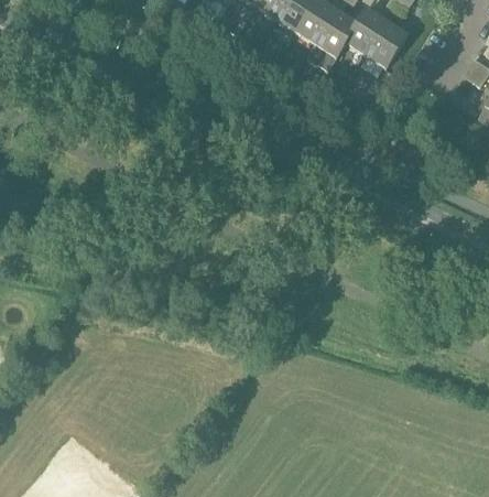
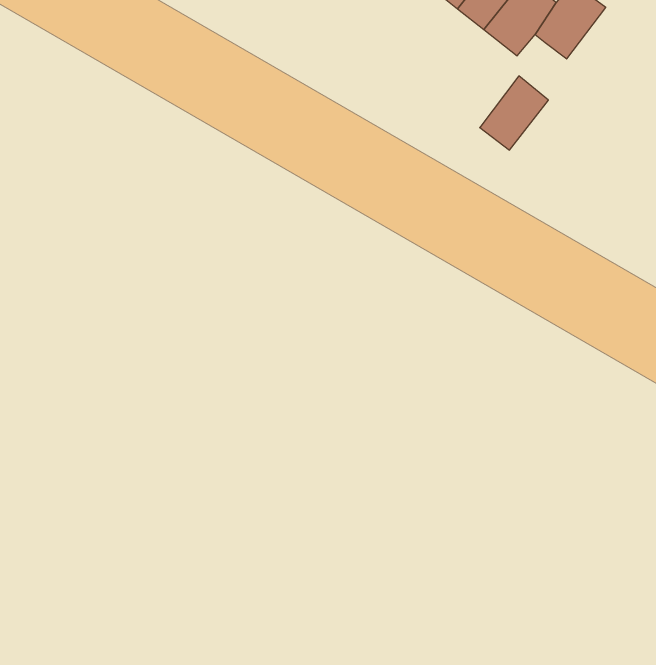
building: [367,22,408,68] -> [480,76,548,150]

